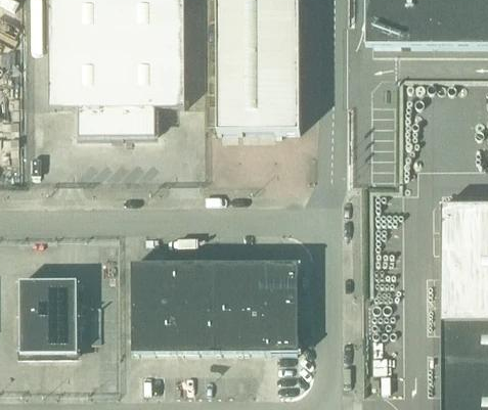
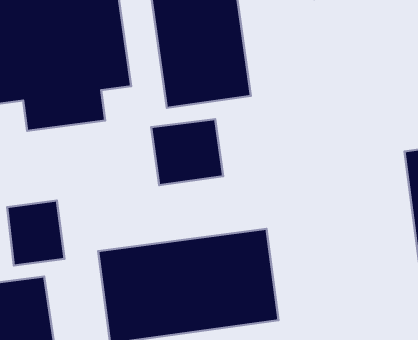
building: none -> [151,119,223,185]
building: none -> [7,201,65,265]

